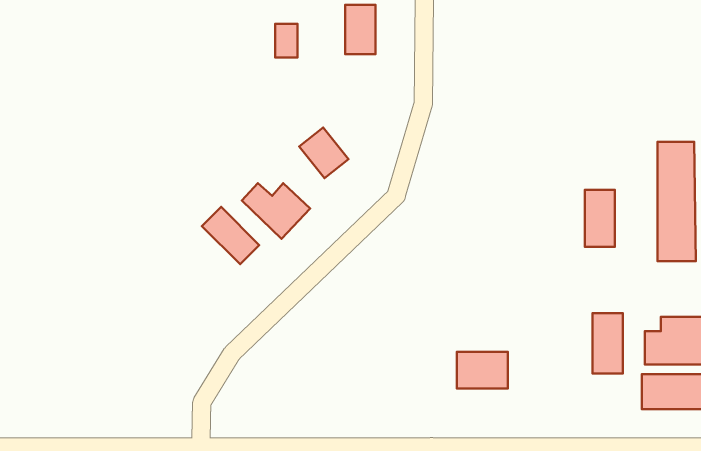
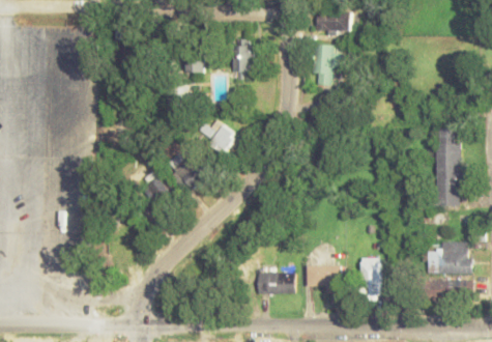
building: none -> [313,44,342,85]
building: [585,190,615,247] -> none
building: [593,313,623,374] -> [360,257,380,296]
building: none -> [256,272,292,292]

